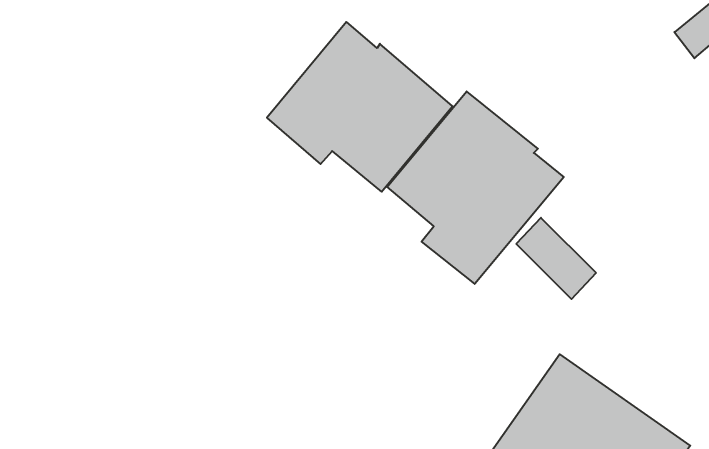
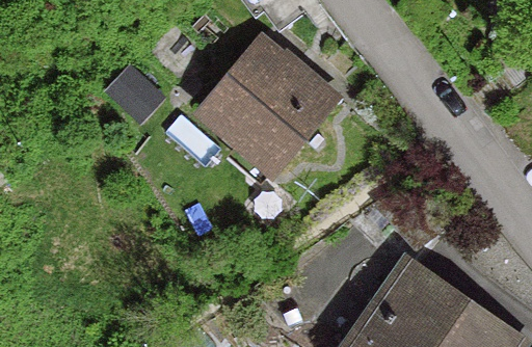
building: [387,91,564,284] -> none

